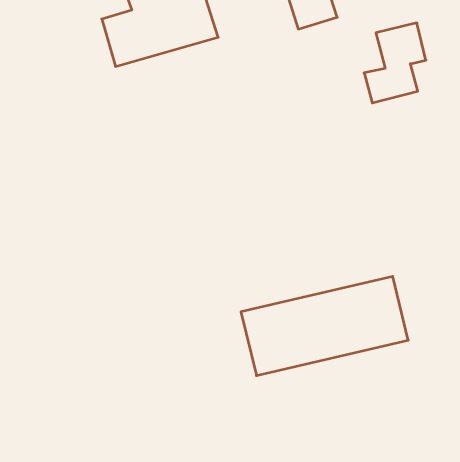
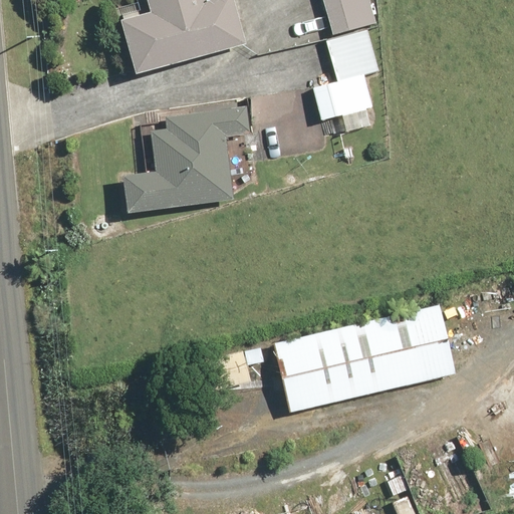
building: [364,23,426,103] -> [313,28,381,116]
building: none -> [122,100,253,207]

